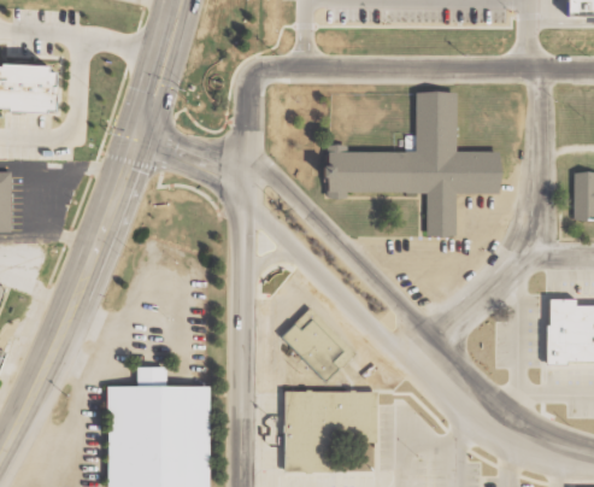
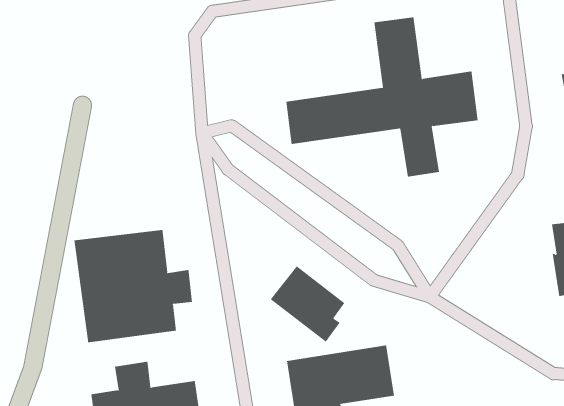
building: none -> [74,229,193,343]

